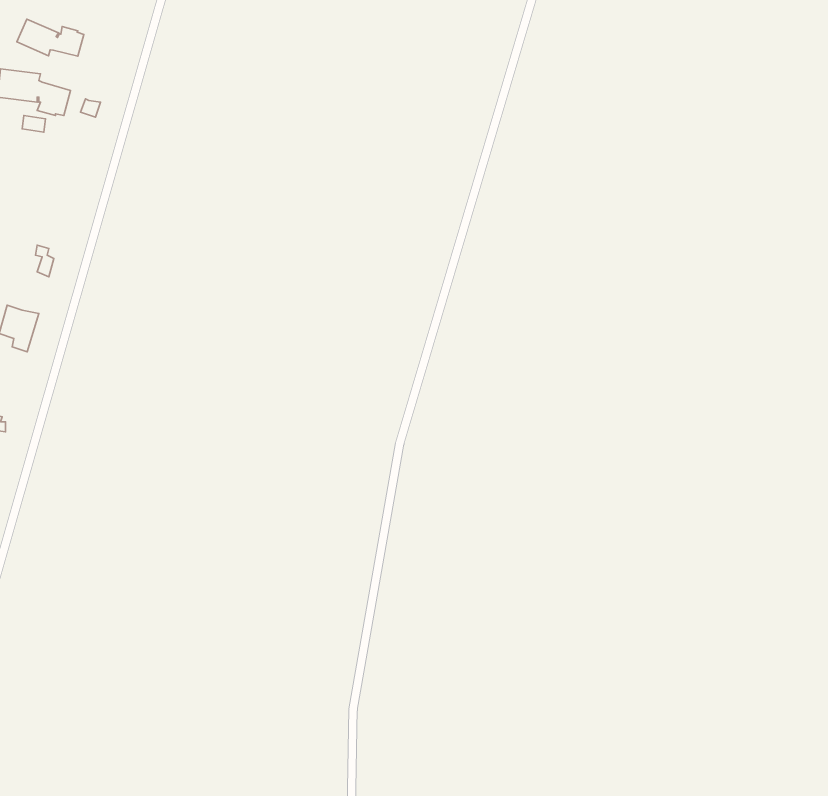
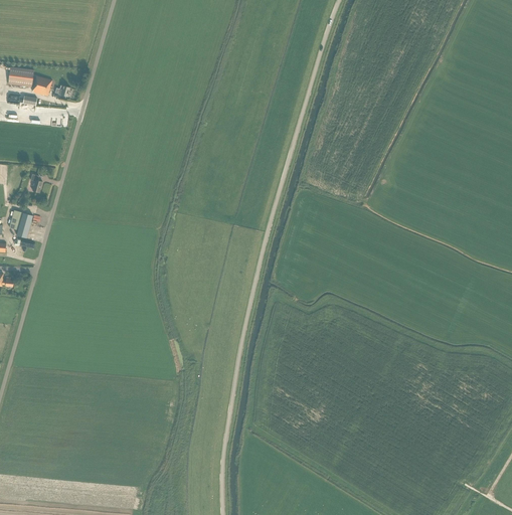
building: [17,19,84,56] -> none

